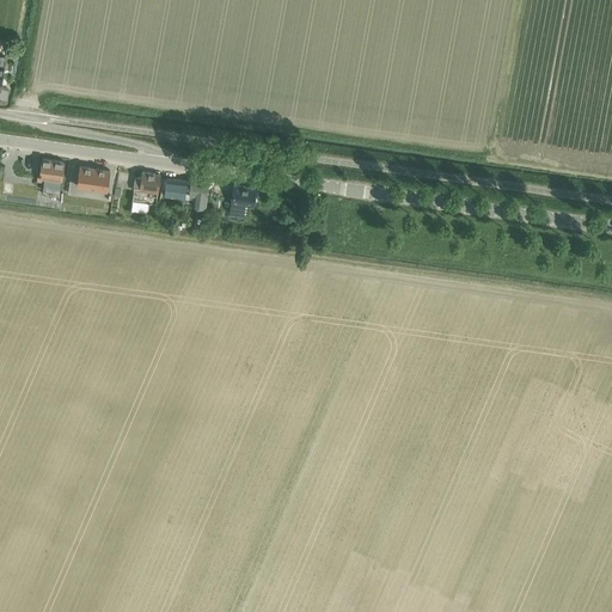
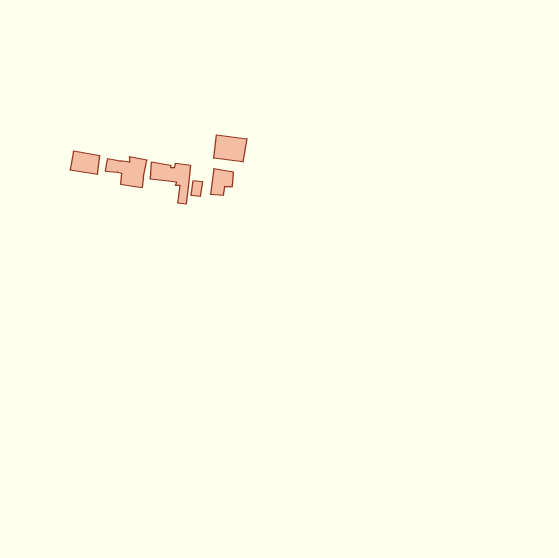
building: none -> [214,135,247,162]
building: [36,160,63,194] -> none

